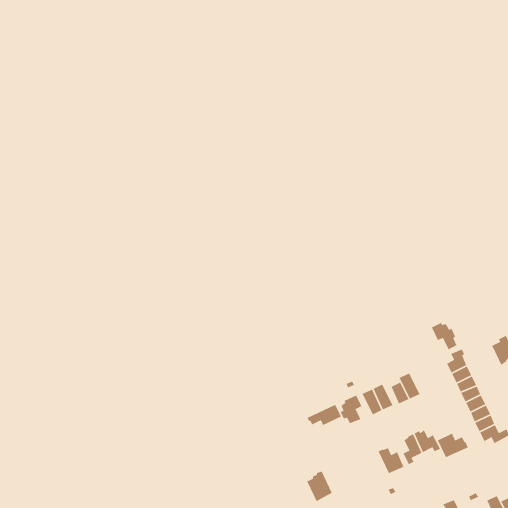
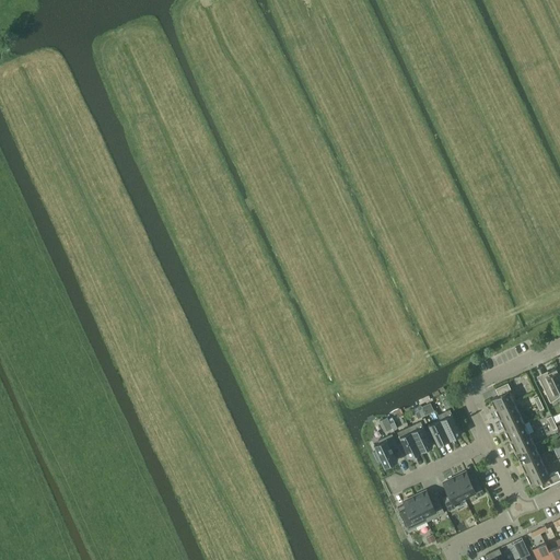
building: [431,322,457,351] -> none
building: [307,404,342,426] -> none
building: [437,432,469,458] -> none
building: [306,470,333,502] -> [398,497,428,532]

